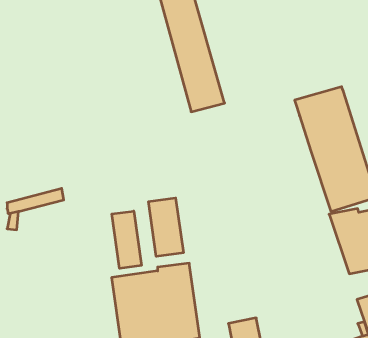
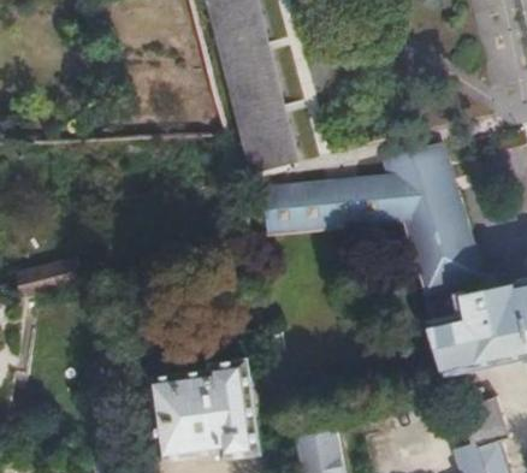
building: none -> [260,175,401,233]
building: [149,198,183,256] -> none
building: [112,211,141,268] -> none

